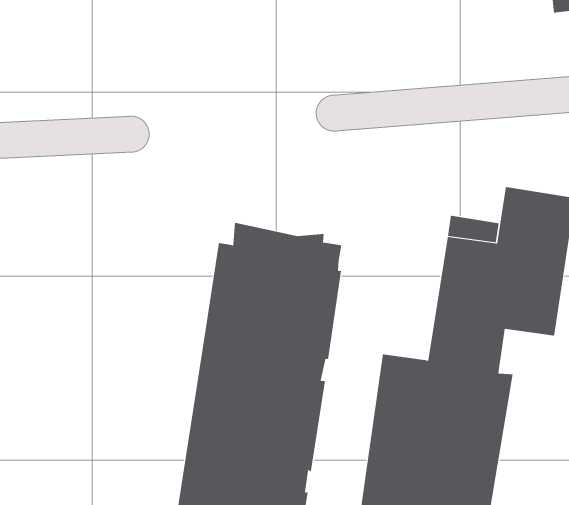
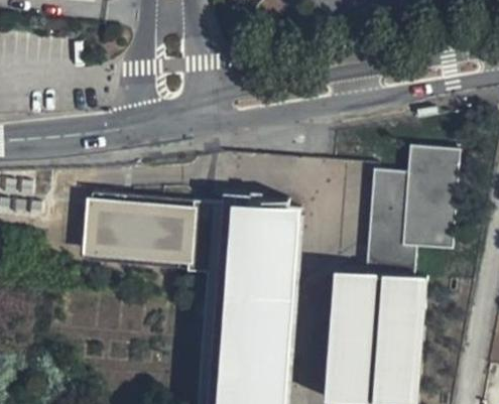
building: none -> [86,195,212,273]

